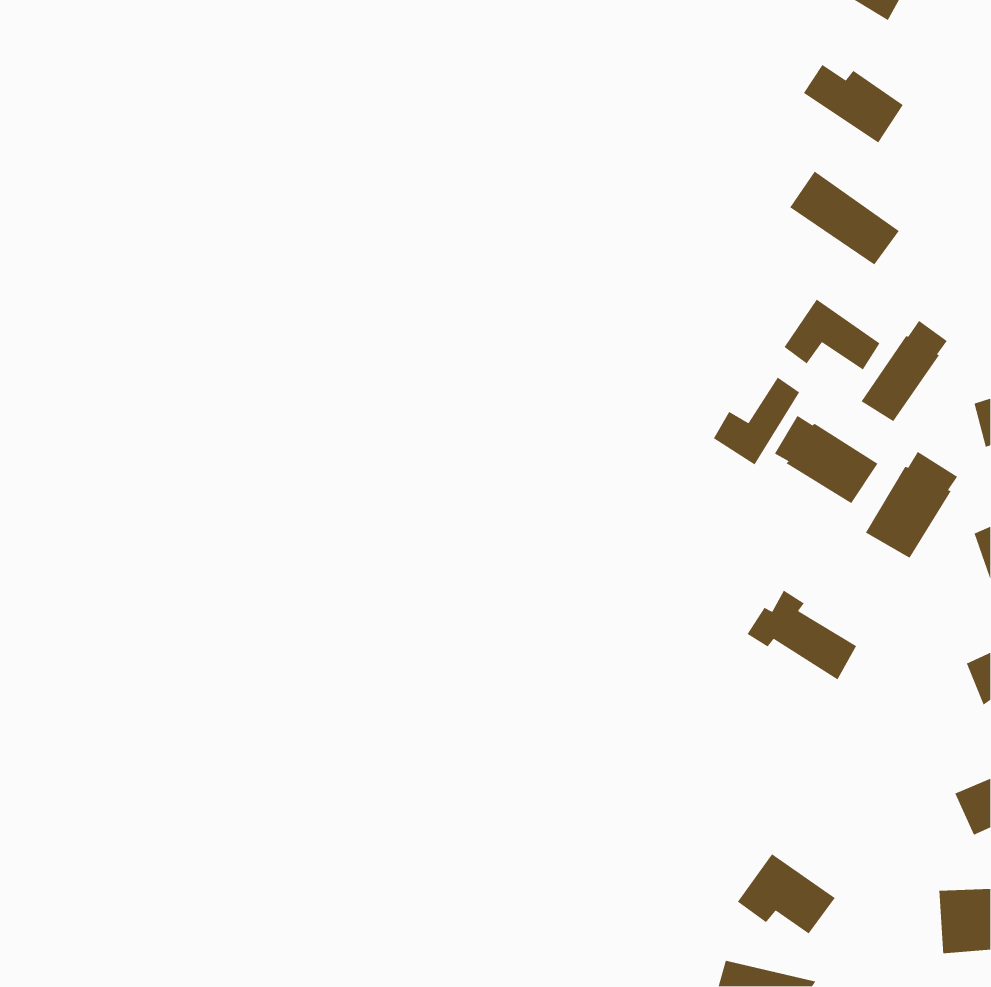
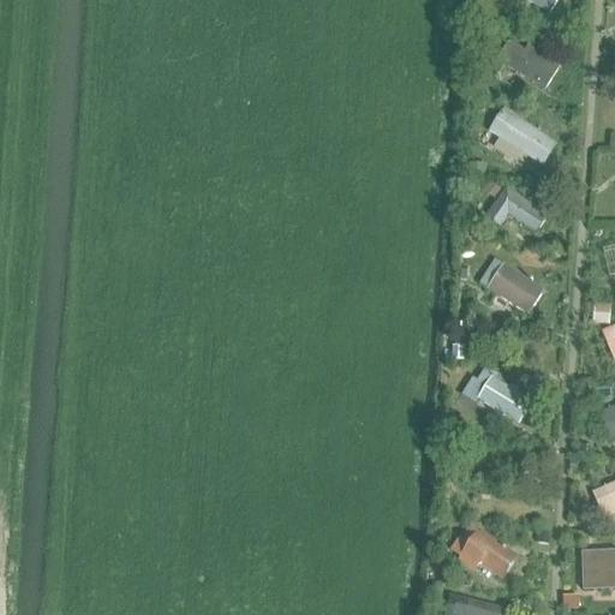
building: [861,320,948,422] -> none
building: [713,377,800,465] -> none
building: [865,451,958,559] -> none

